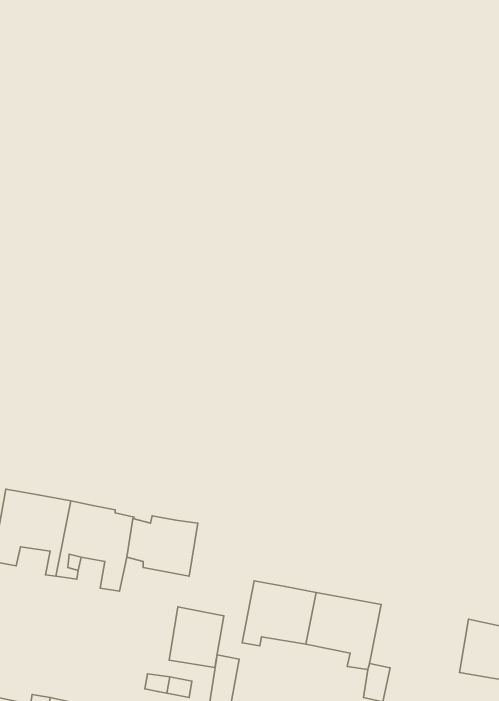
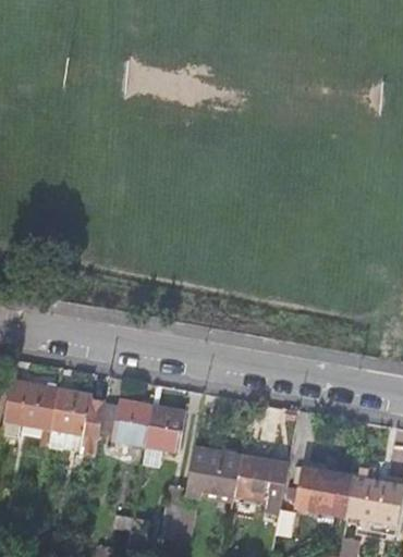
building: [169,607,224,668] -> [147,406,187,450]
building: none -> [295,468,353,516]

